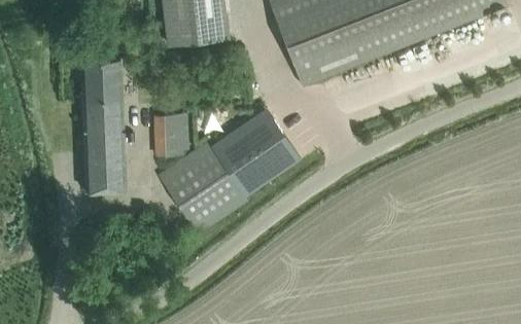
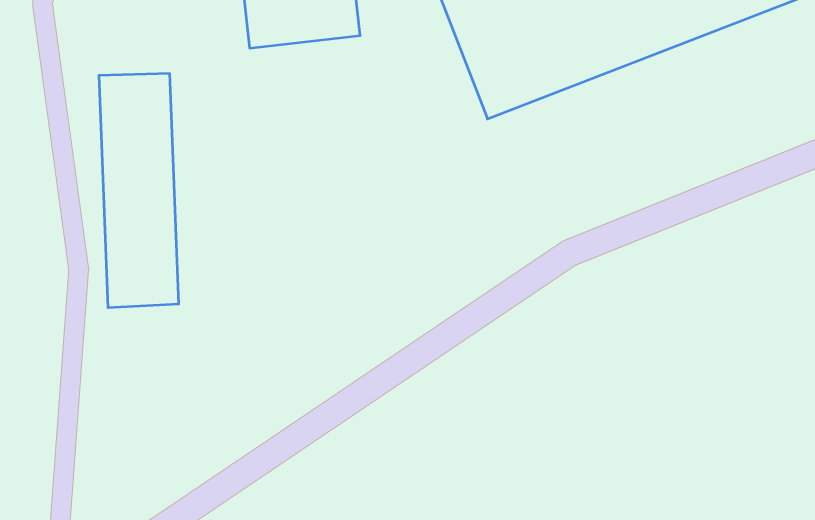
building: [152,114,189,154] -> none
building: [159,115,300,231] -> none

